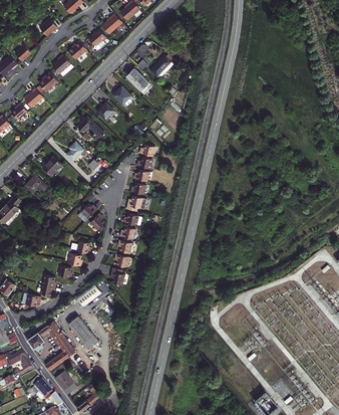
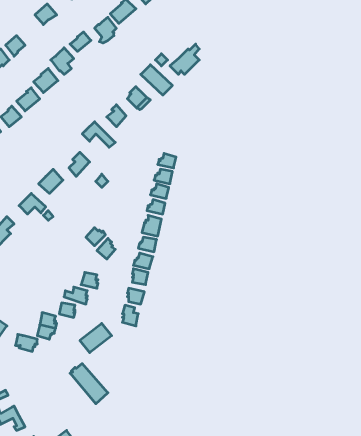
building: [28,321,74,369] -> none

